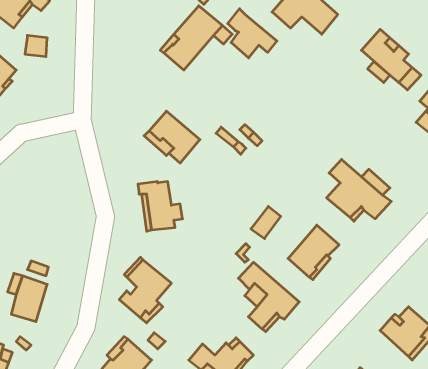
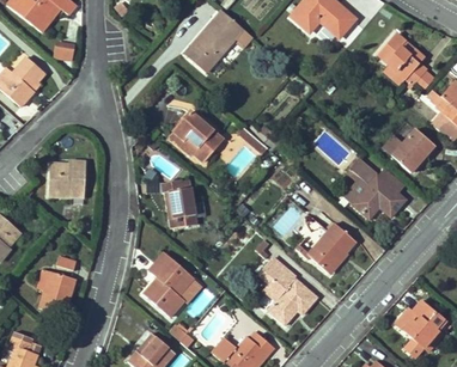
building: [228,9,277,58] -> none
building: none -> [391,129,433,172]
building: none -> [48,160,85,197]

